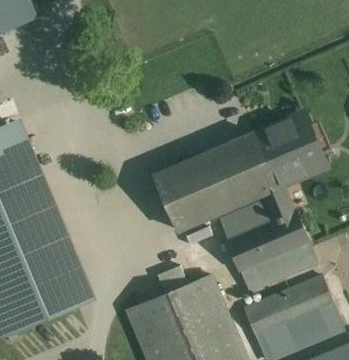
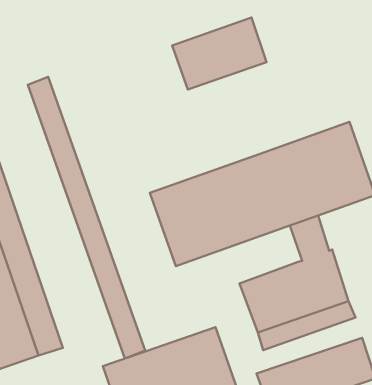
building: none -> [172,17,267,89]
building: none -> [28,77,145,358]
building: [219,204,269,241] -> none

